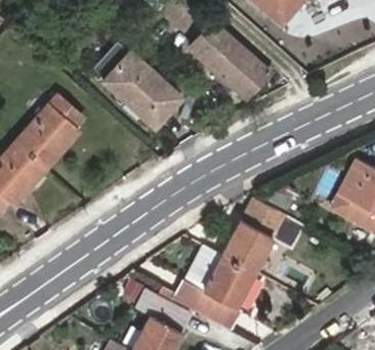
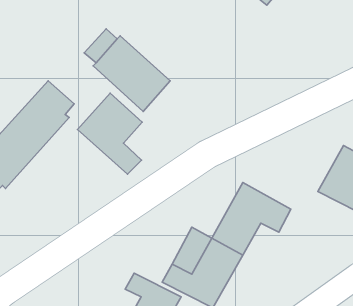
building: [189,25,269,98] -> none
building: none -> [77,93,142,174]

